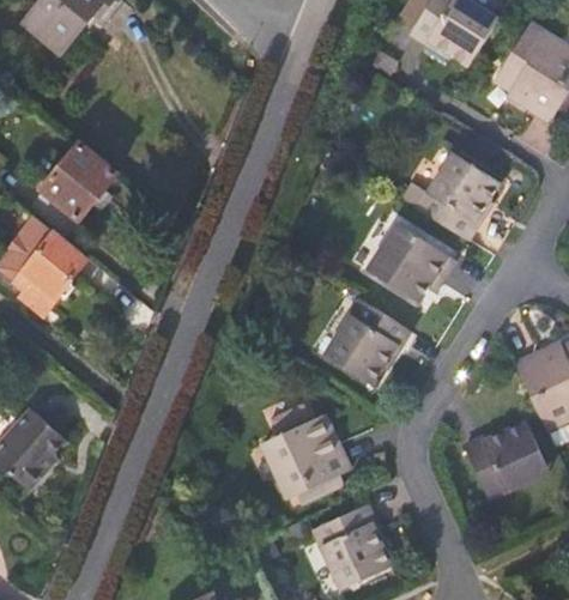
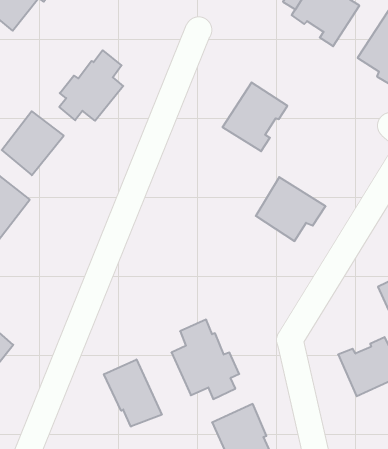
building: none -> [59,50,123,121]
building: [418,156,498,241] -> [222,82,287,151]
building: [323,301,406,383] -> none
building: none -> [104,359,162,427]

